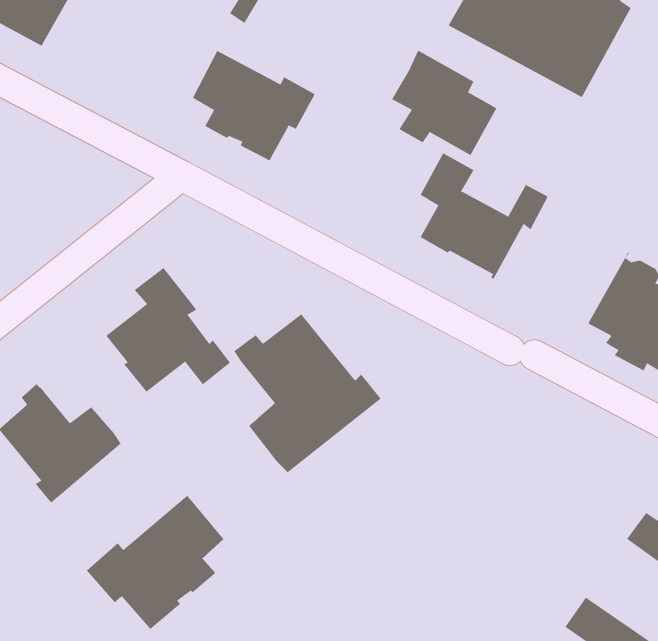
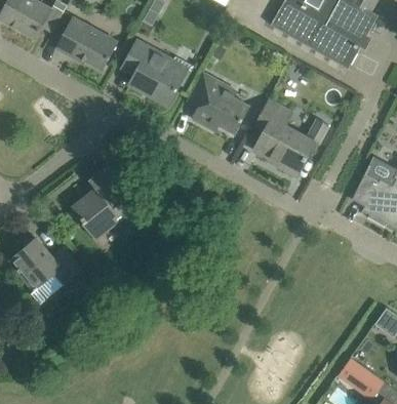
building: none -> [55,17,118,69]
building: [391,50,497,156] -> [188,72,249,133]
building: [233,313,382,473] -> none
building: [86,495,224,630] -> none

